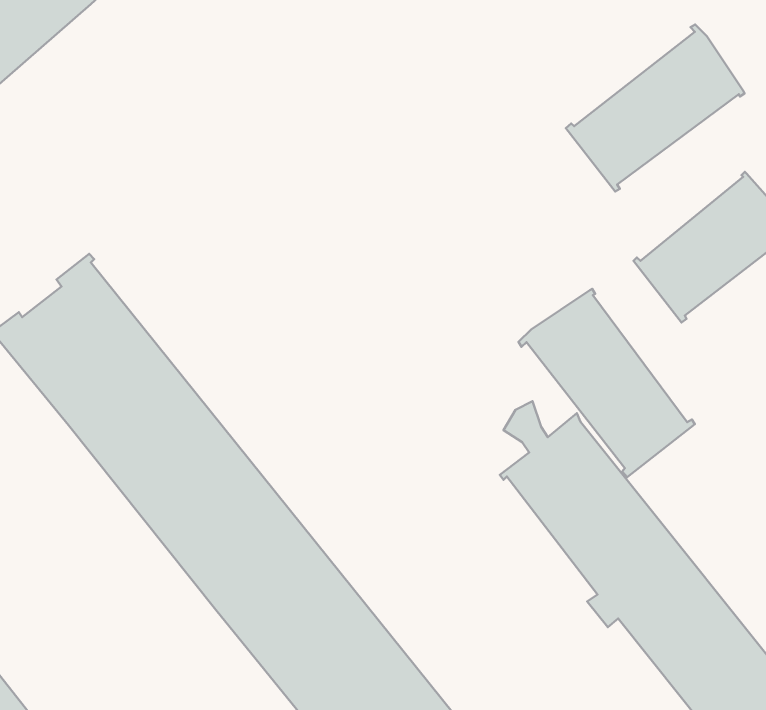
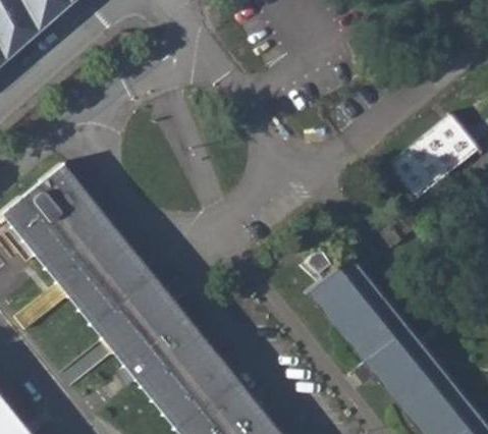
building: [566,24,745,192] -> none
building: [518,289,695,477] -> none

